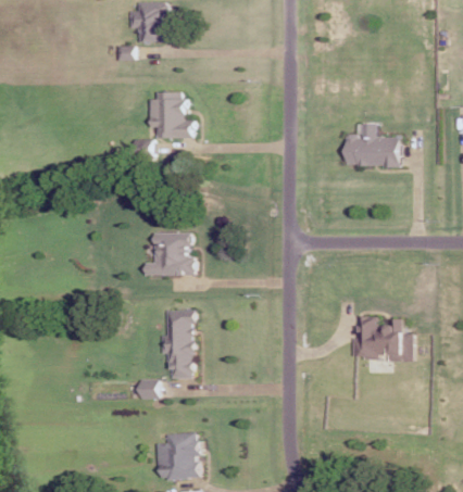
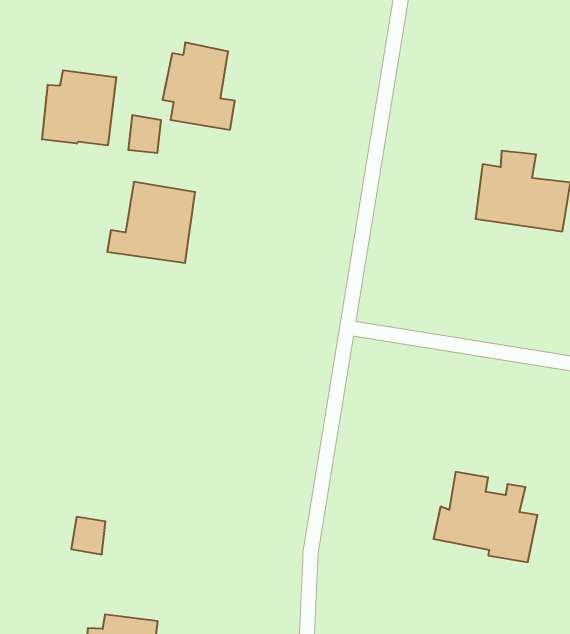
building: none -> [42,70,116,145]
building: [145,232,191,276] -> [107,182,195,263]
building: [161,310,195,378] -> none

